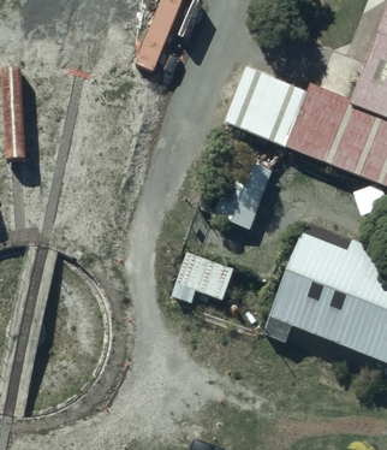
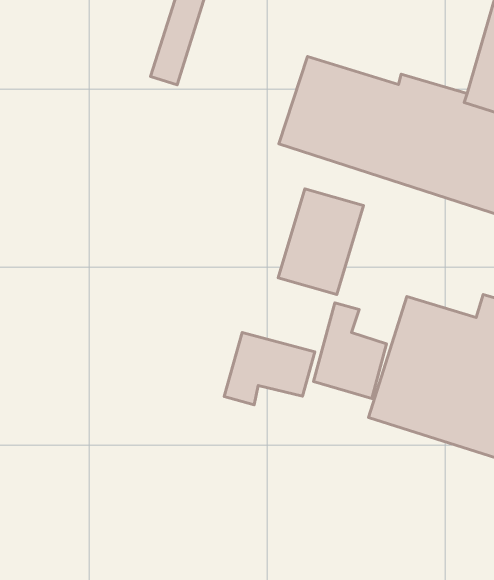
building: none -> [314,303,387,398]

